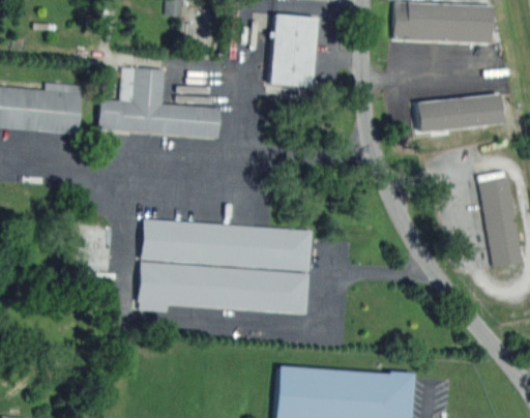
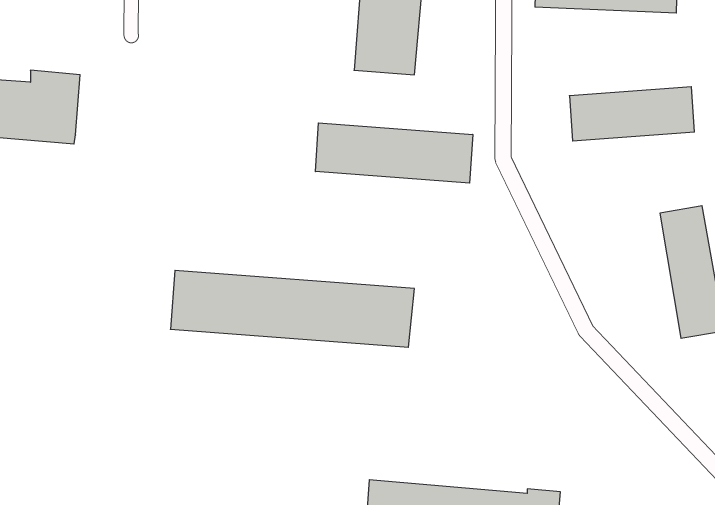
building: [98,67,219,137] -> none
building: none -> [315,123,473,183]
building: [139,263,307,314] -> none

